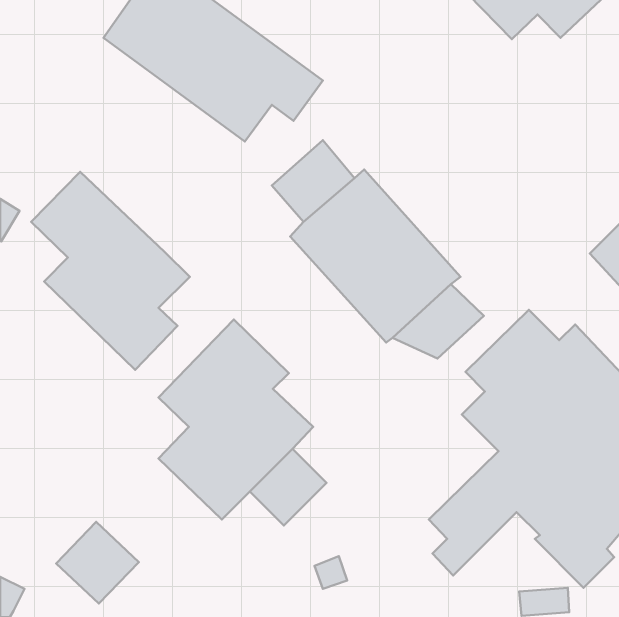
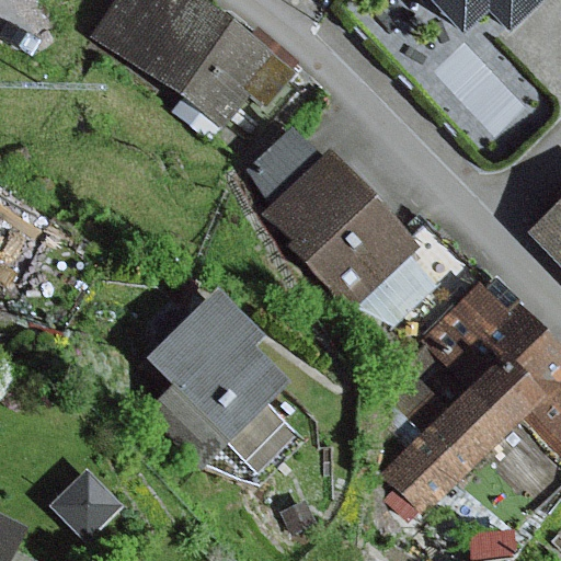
building: [31,172,190,370] -> none

